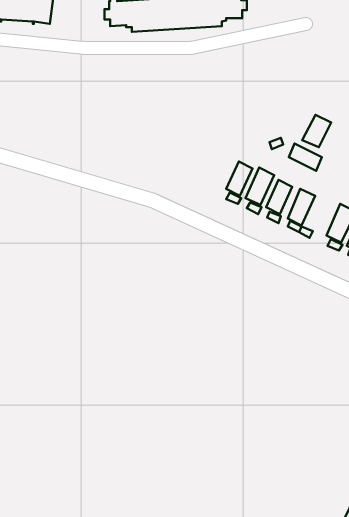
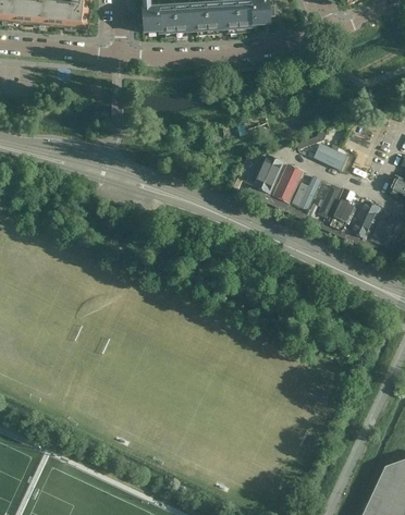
building: [302,115,331,147] -> none
building: none -> [331,189,359,225]

